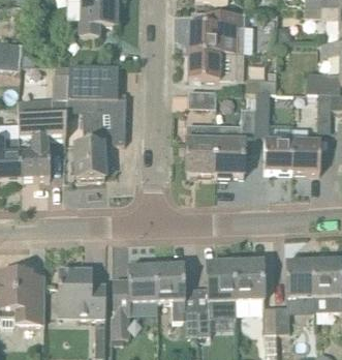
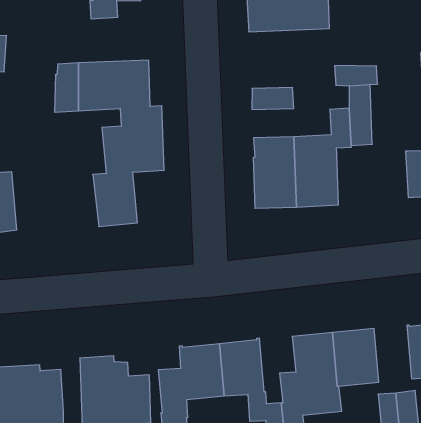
building: [188,50,245,79] -> none
building: [19,111,67,177] -> none
building: [265,138,292,171] -> none

